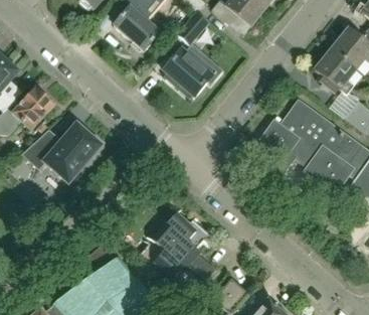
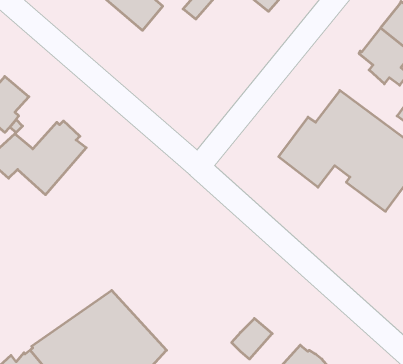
building: [163,42,223,96] -> none
building: [151,206,216,296] -> none

